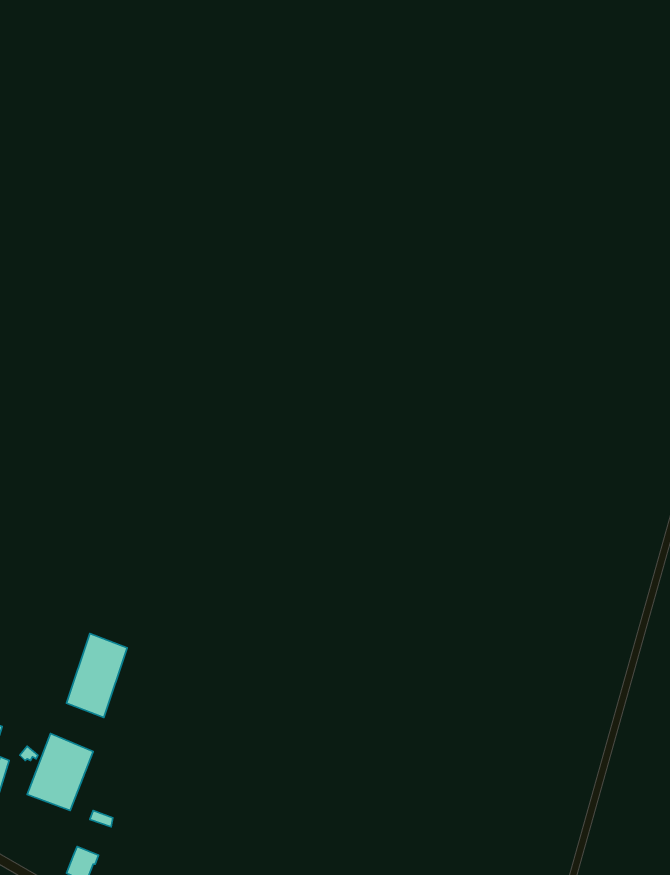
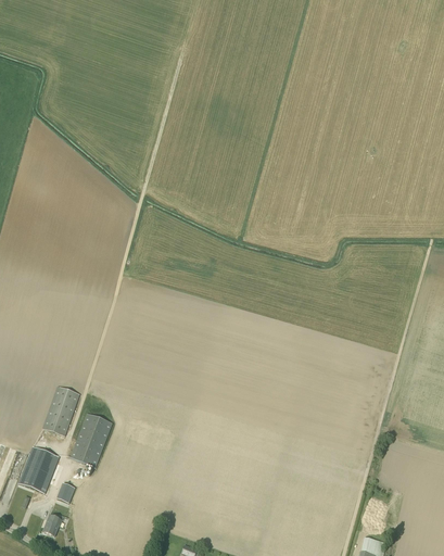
building: none -> [71,413,113,466]

